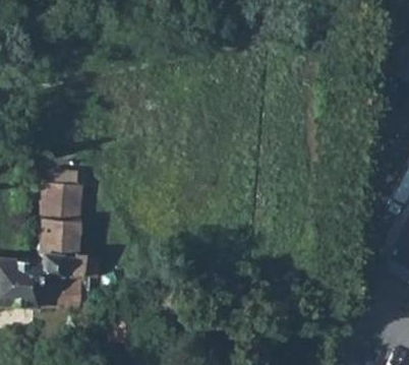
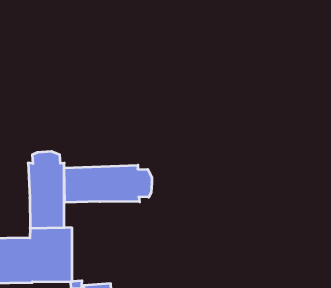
building: none -> [64,165,152,202]

